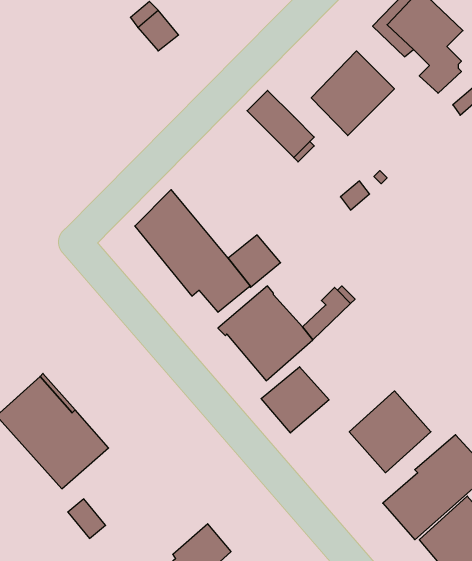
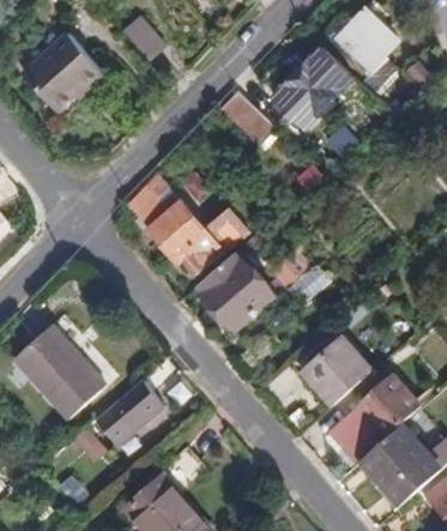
building: none -> [24,32,103,111]
building: [261,367,329,433] -> none
building: none -> [99,379,163,445]

